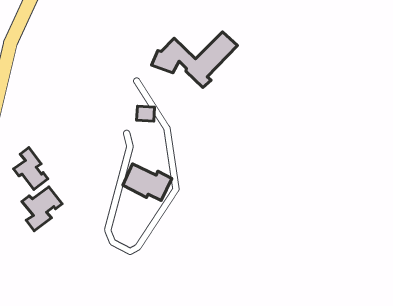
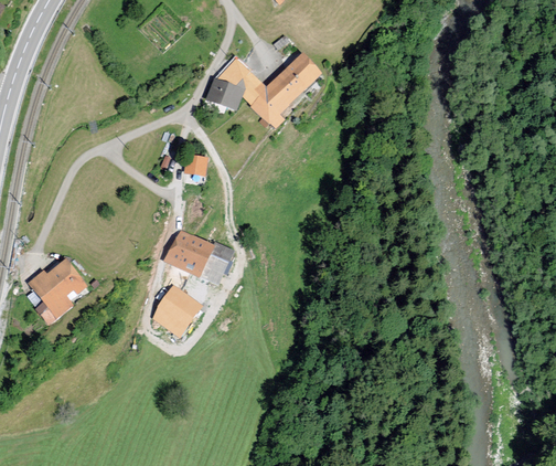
building: [14,148,48,189] -> none
building: none -> [152,287,197,333]

